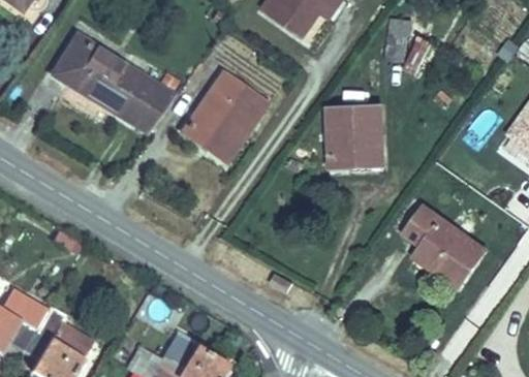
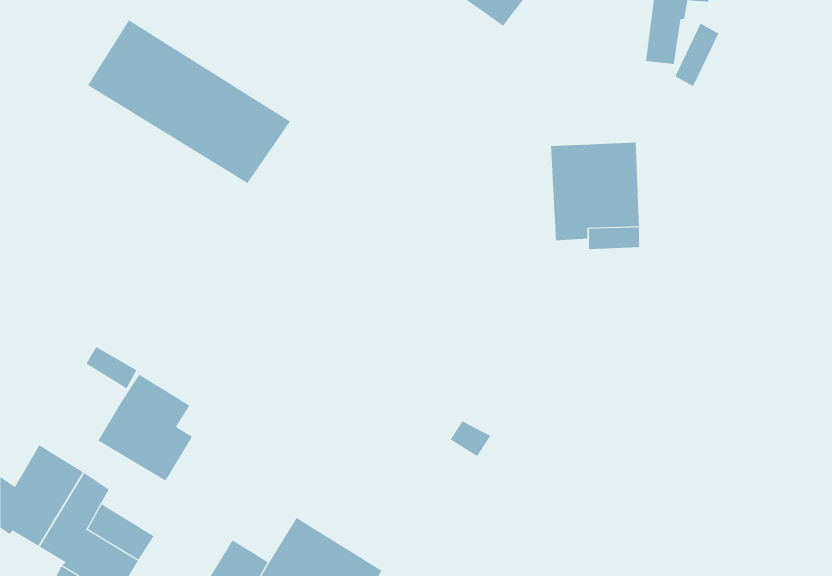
building: [182,71,268,161] -> none
building: [405,207,485,287] -> none
building: none -> [97,374,193,482]

